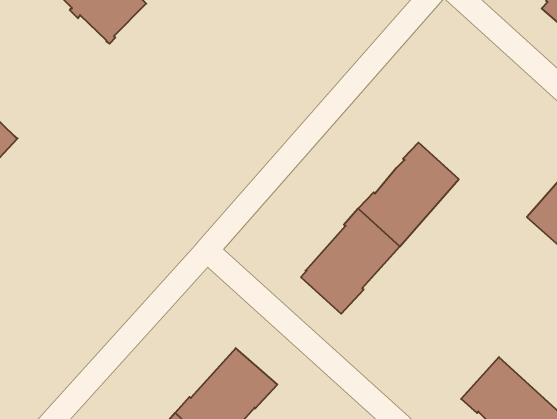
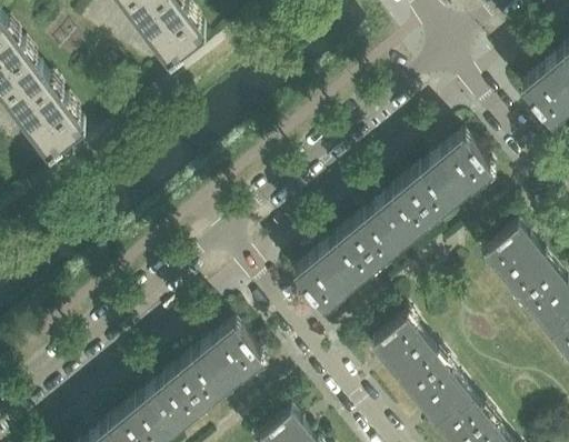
building: none -> [407,140,492,219]
building: none -> [372,321,445,395]

